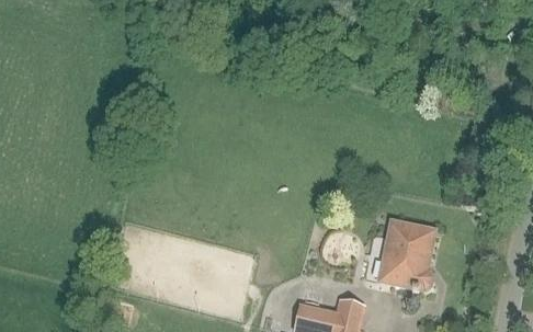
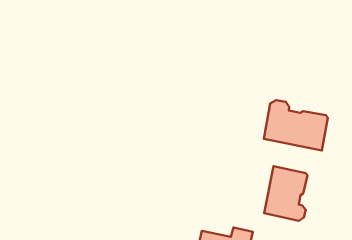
building: none -> [264,100,328,151]

